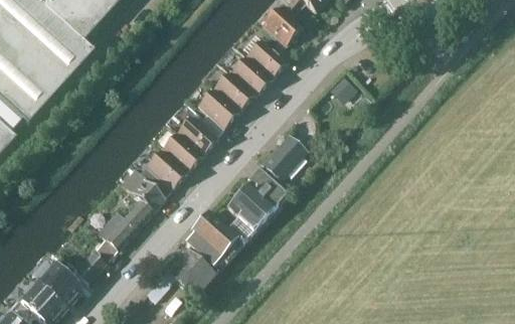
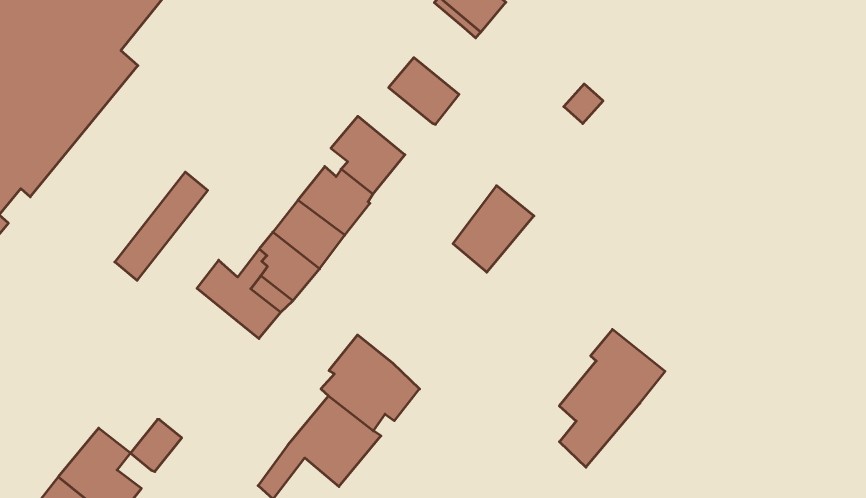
building: [247,40,287,78] -> none
building: [214,70,255,111] -> none
building: [226,166,288,242] -> [559,329,665,467]
building: [98,198,152,258] -> [115,172,208,280]

